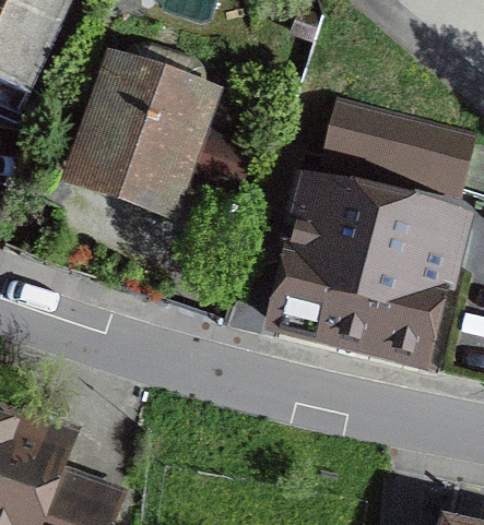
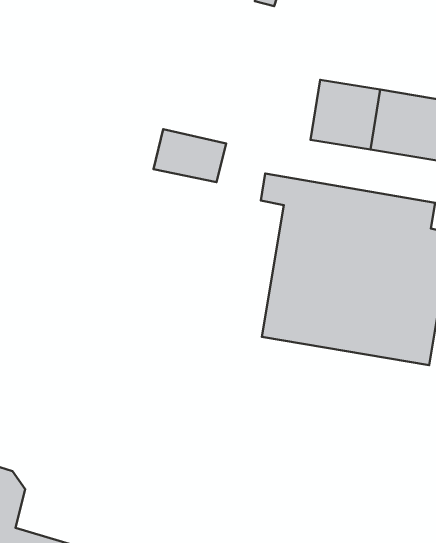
building: [85,73,197,201] -> none

